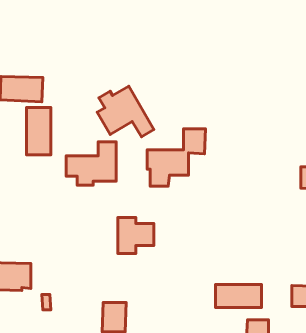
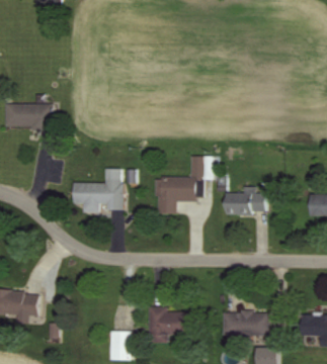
building: [97,86,154,137] -> none
building: [26,108,51,155] -> none
building: none -> [224,186,266,214]
building: [118,217,154,254] -> [148,306,184,343]

